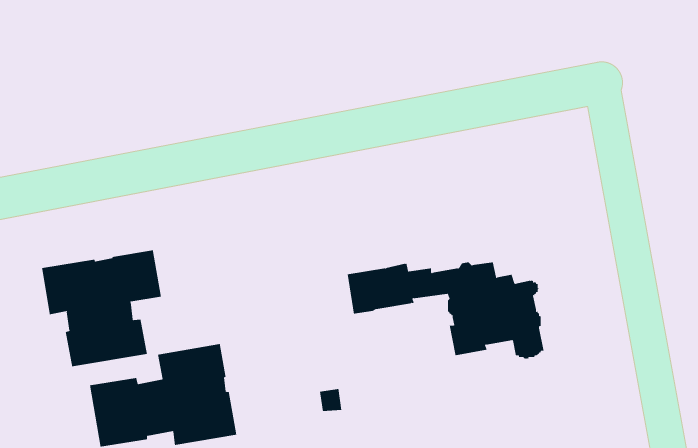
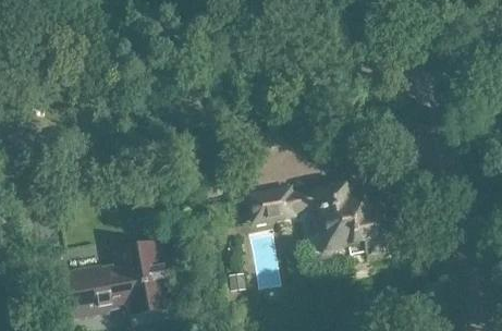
building: [41,250,161,367] -> none

